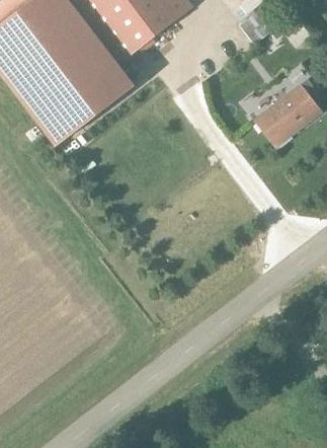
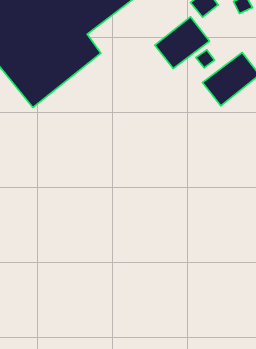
building: none -> [155,17,209,69]

